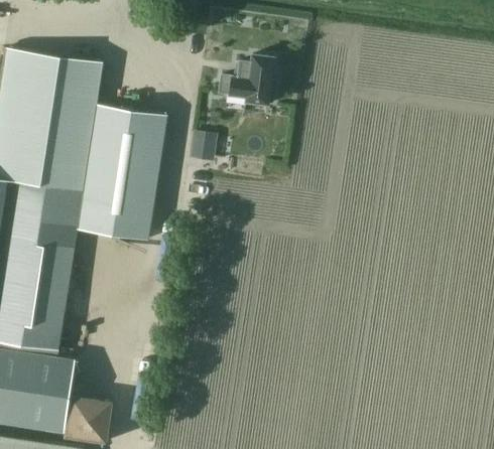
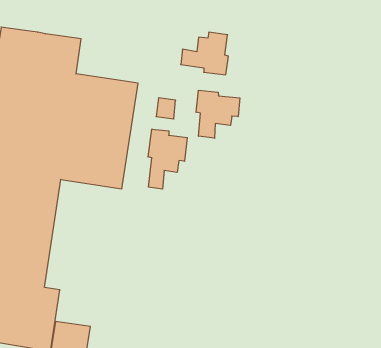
building: none -> [196,90,240,138]
building: none -> [148,129,187,189]

